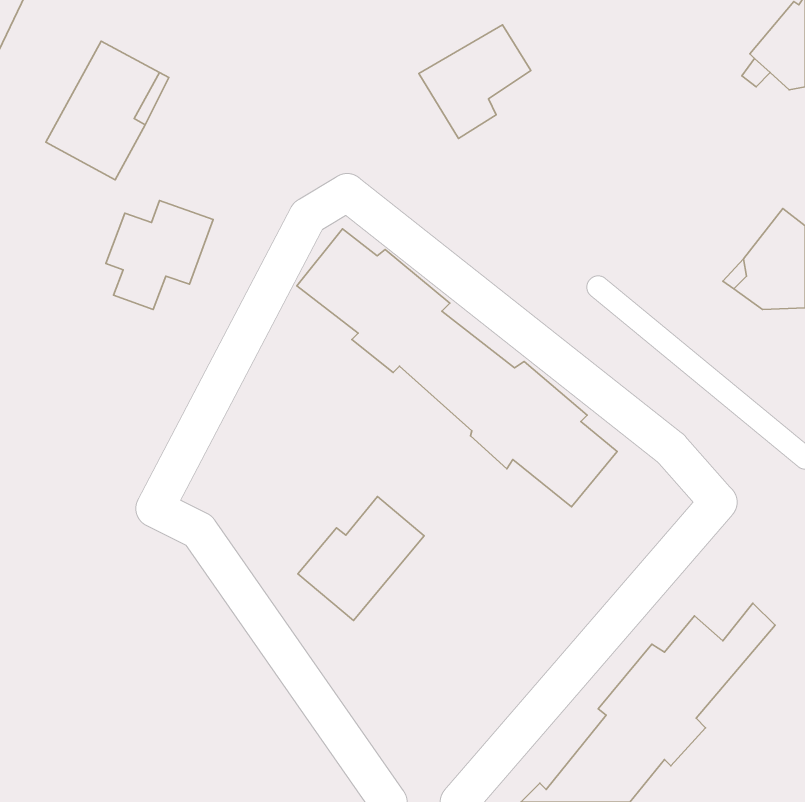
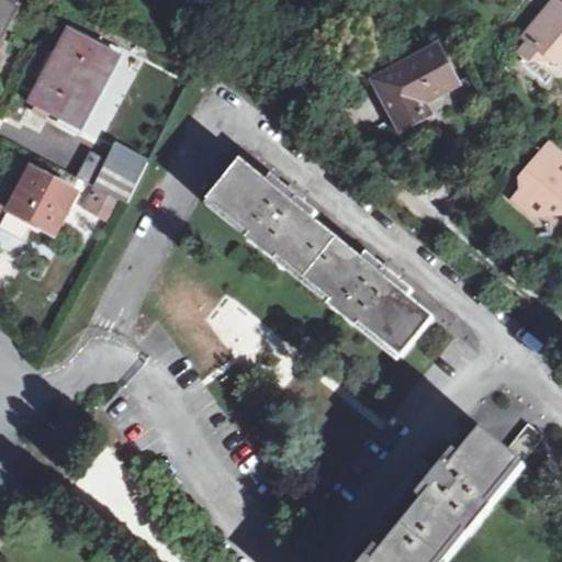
building: [419,25,531,138] -> [371,52,449,131]
building: none -> [5,165,77,236]
building: [298,497,424,620] -> none

